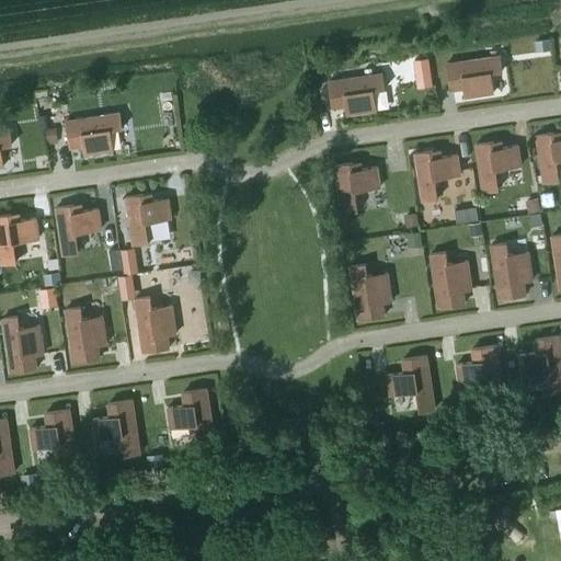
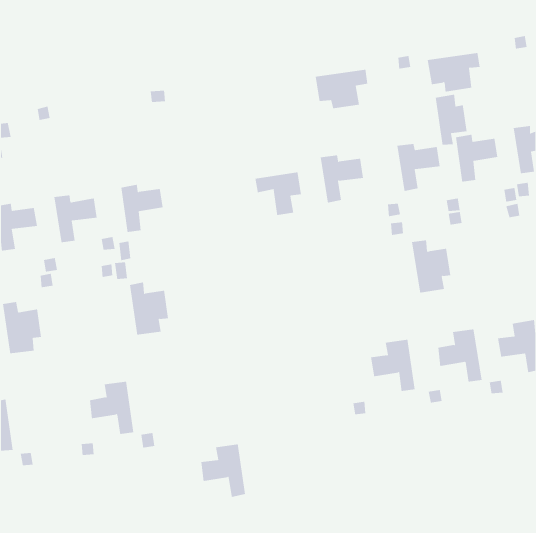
building: none -> [435,94,467,145]
building: [66,114,122,156] -> none
building: none -> [255,171,302,216]
building: [491,244,533,299] -> none
building: [350,265,391,321] -> none
building: [65,308,106,364] -> none
building: [168,390,215,446] -> [201,444,246,497]
building: [30,411,78,466] -> none

